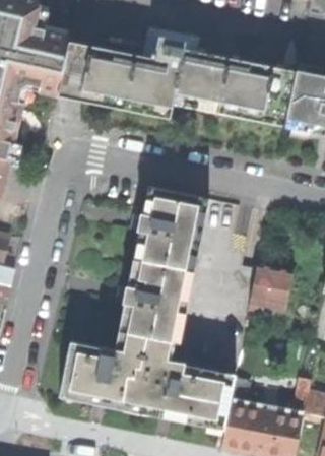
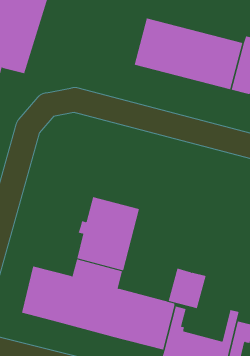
building: [57,37,185,120] -> none
building: [133,186,203,269] -> none
building: [249,264,291,310] -> [168,268,206,309]

